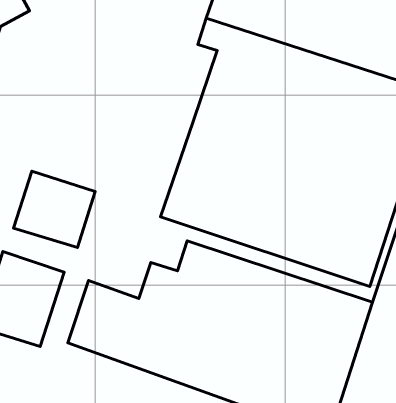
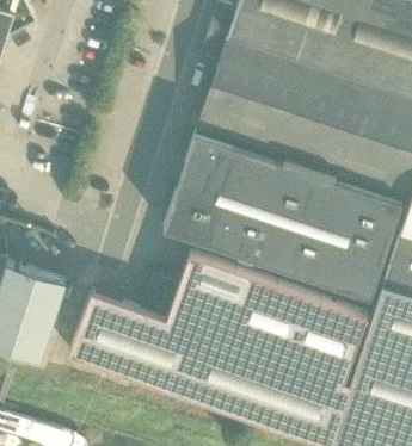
building: [14,171,95,248] -> none

